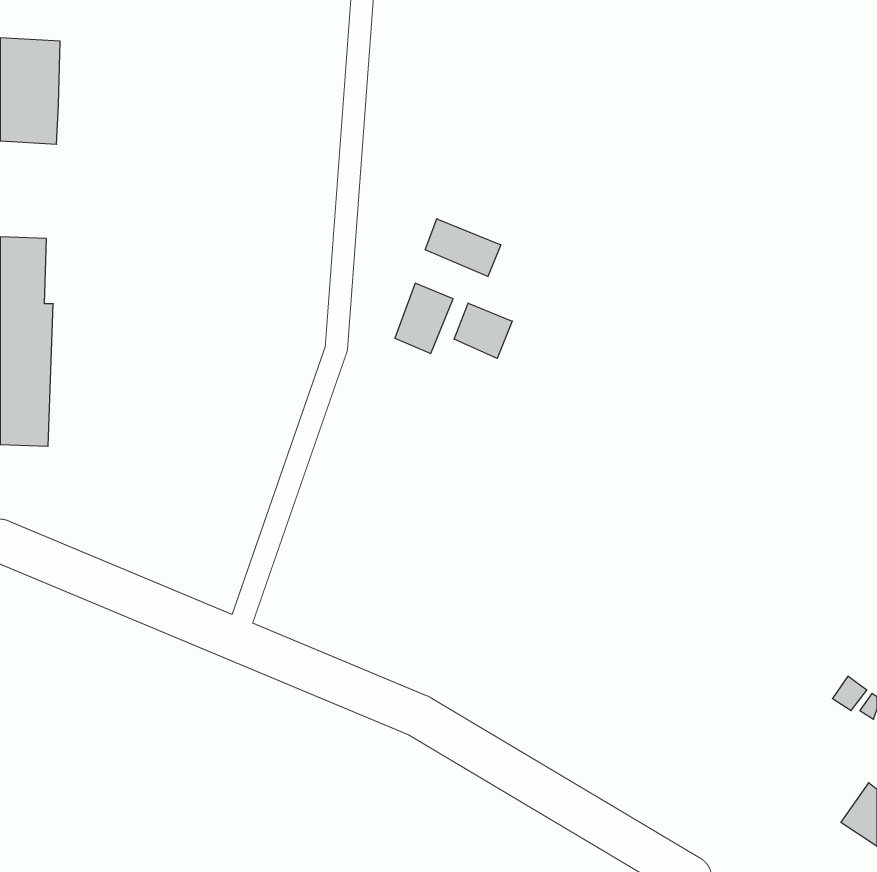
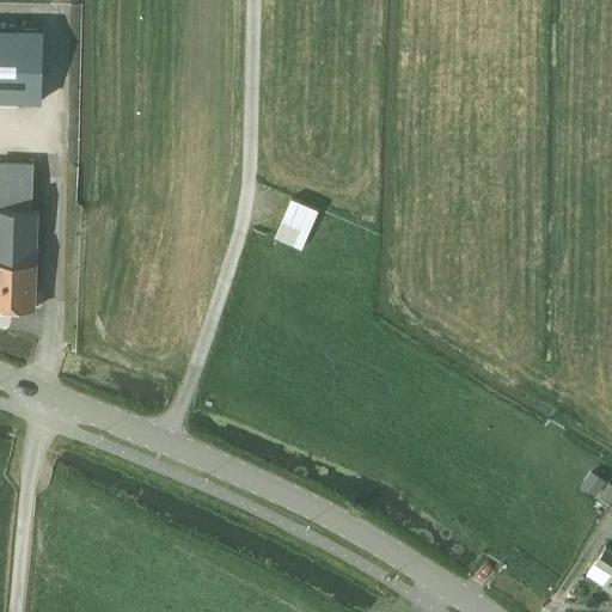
building: [425,219,501,277] -> none
building: [454,303,512,358] -> none

